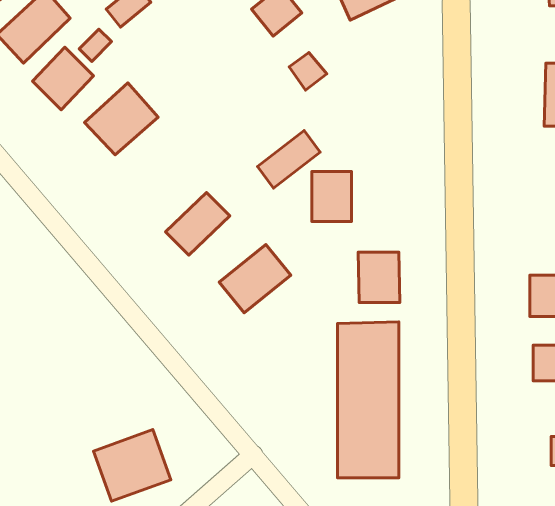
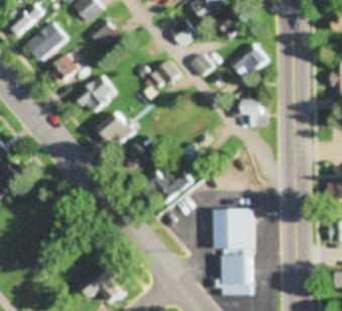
building: none -> [228,42,267,81]
building: [257,131,320,188] -> [143,62,179,94]
building: none -> [93,109,136,151]
building: [312,171,351,222] -> [244,99,266,127]
building: [358,252,400,303] -> none

